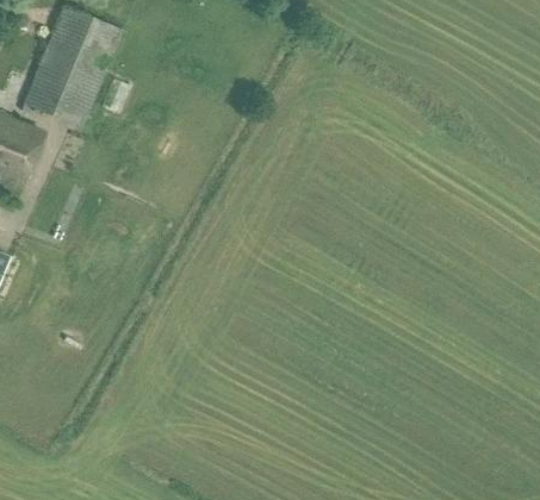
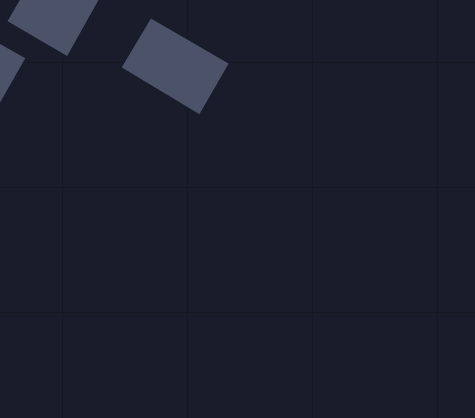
building: none -> [121,17,230,115]

